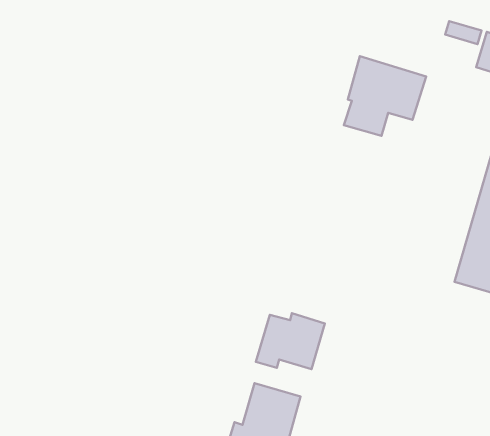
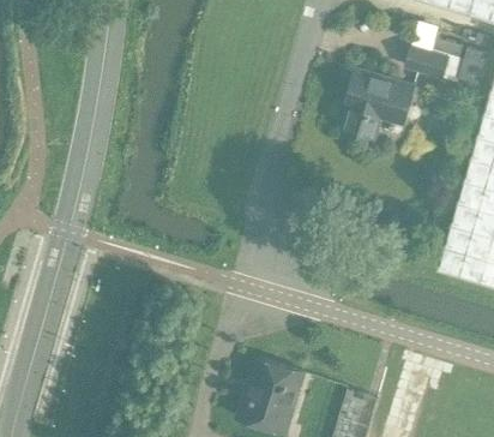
building: none -> [405,47,447,78]
building: [256,313,325,369] -> none

